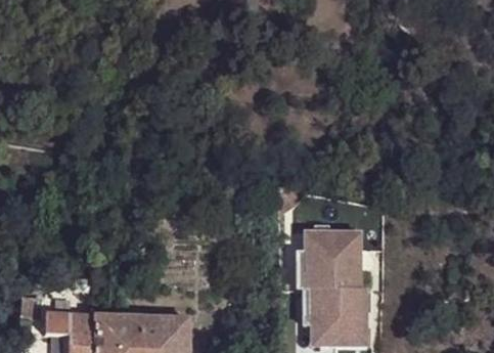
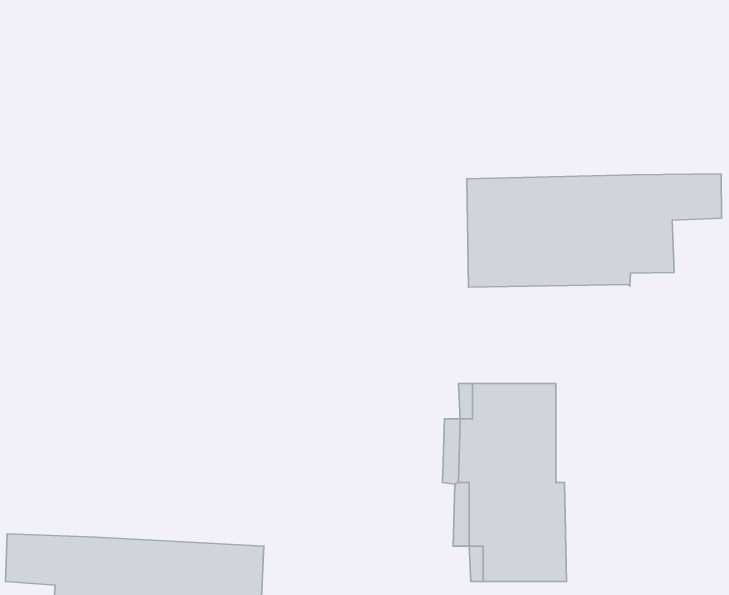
building: none -> [467,174,721,287]

